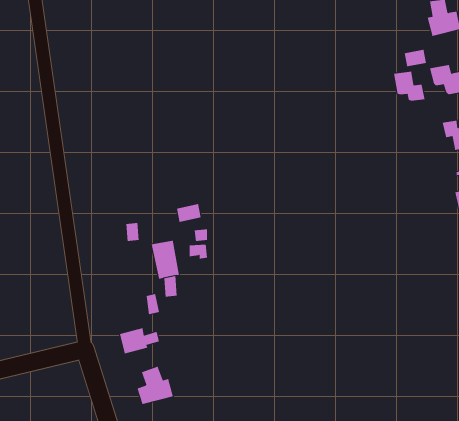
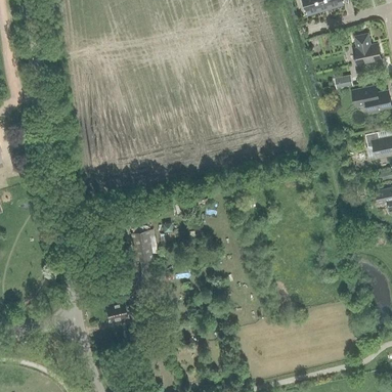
building: [393,71,425,102] -> none
building: [137,366,173,405] -> none

